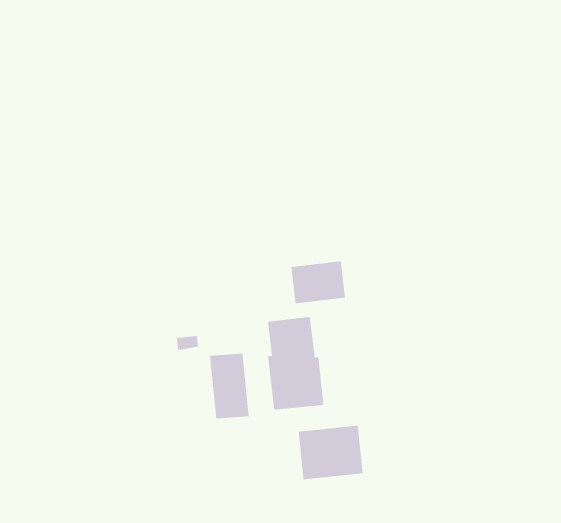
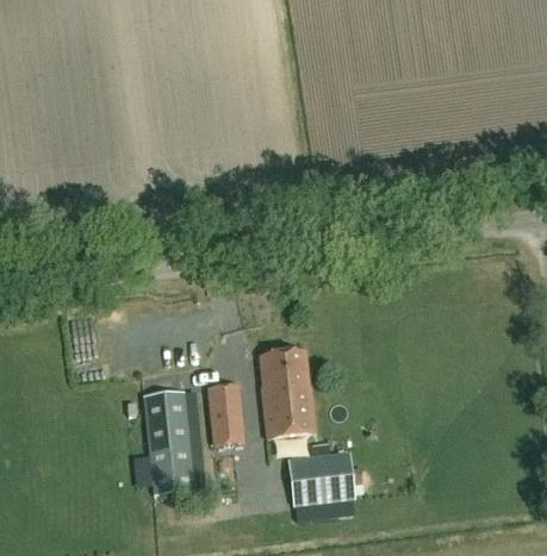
building: [291,261,345,304] -> none
building: none -> [144,391,194,493]

